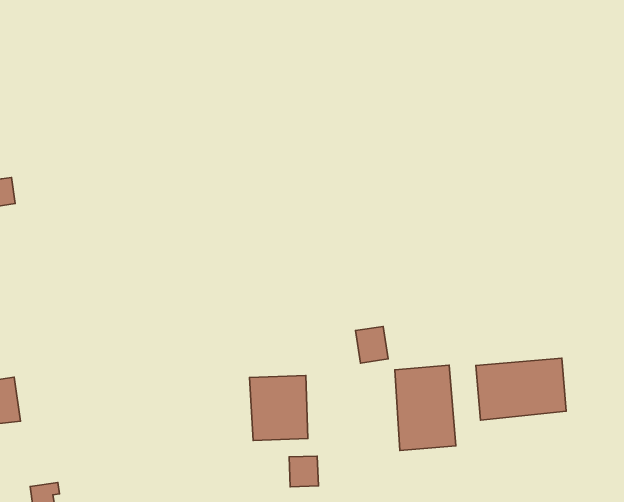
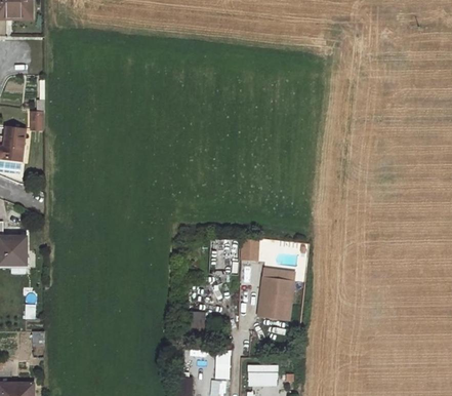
building: [476,358,566,420] -> none
building: [249,375,308,441] -> none

